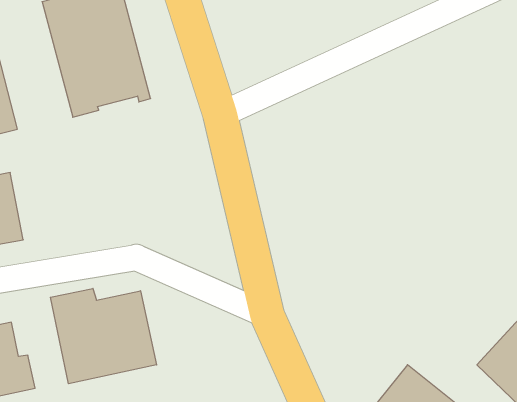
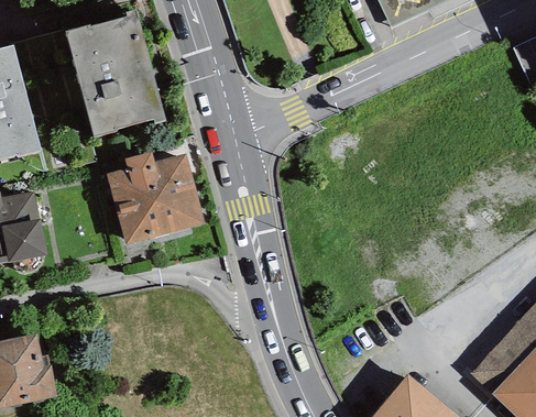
building: none -> [106,153,204,246]
building: [50,288,157,384] -> none

